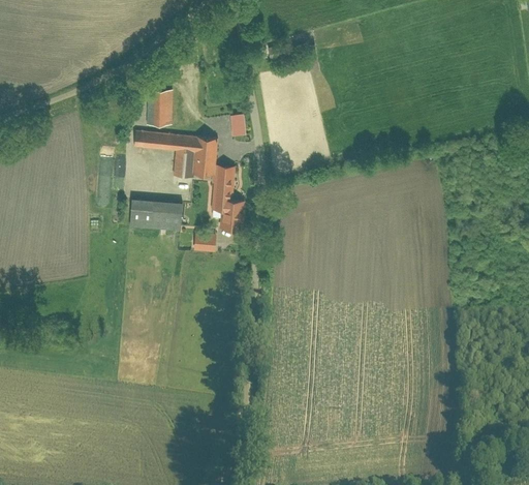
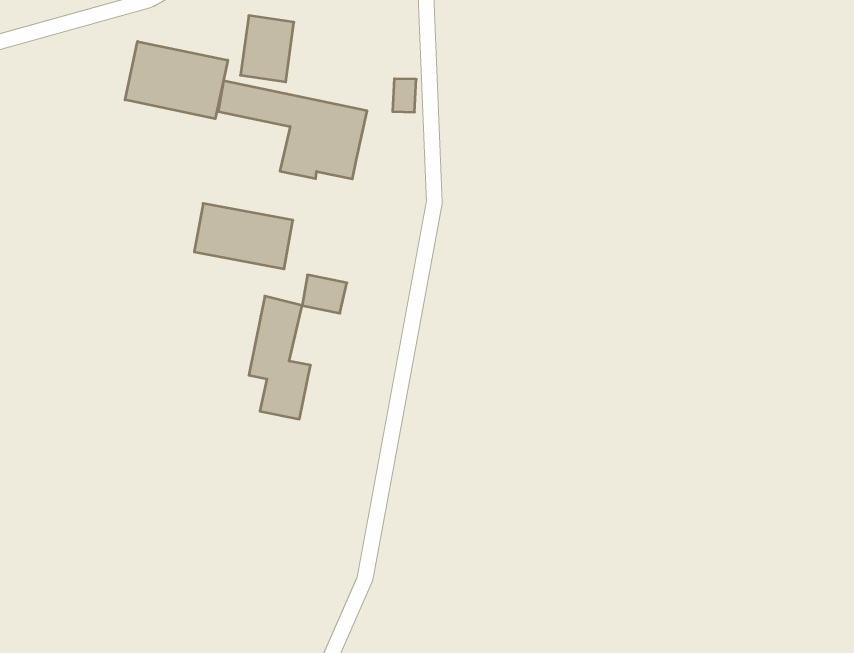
building: none -> [125,41,228,119]
building: [211,165,245,233] -> [249,296,311,419]

